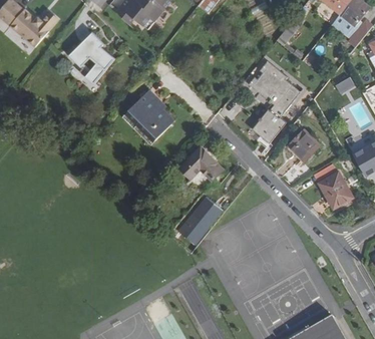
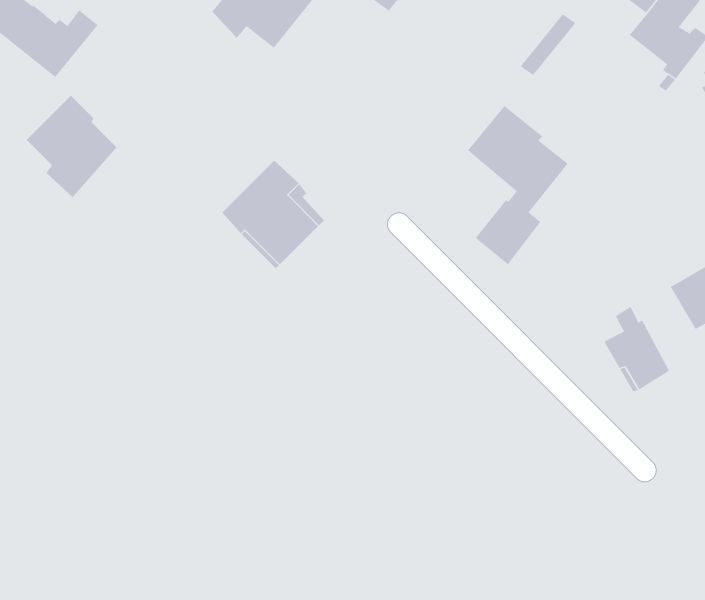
building: [68,31,115,84] -> [26,95,118,198]
building: [288,128,320,161] -> none
building: [178,145,223,179] -> none
building: [175,195,222,246] -> none

